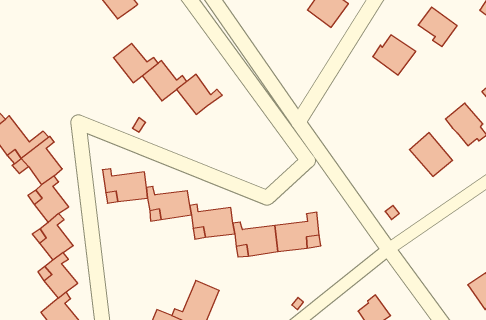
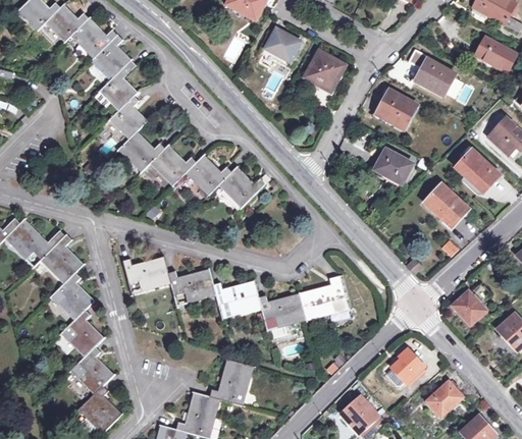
building: none -> [109,95,147,138]
building: none -> [372,148,412,183]
building: none -> [218,167,264,206]
building: none -> [453,292,486,324]

